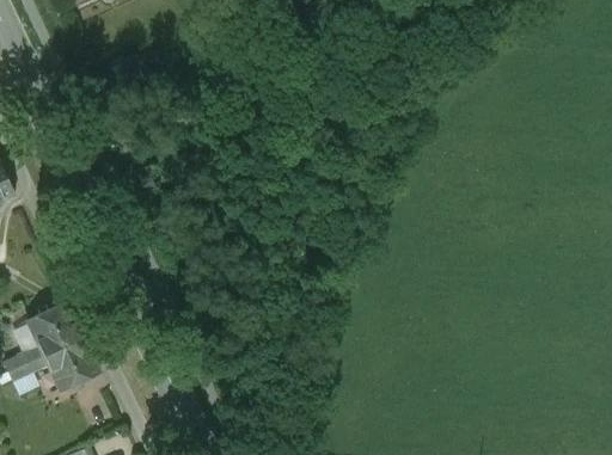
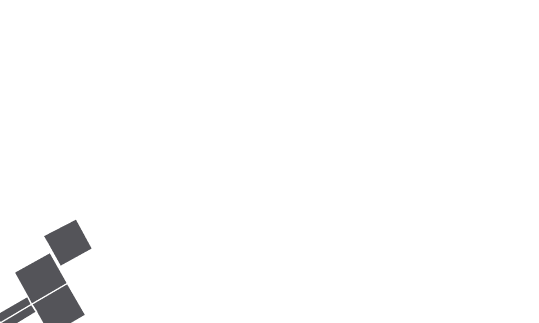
building: none -> [43,219,93,267]

